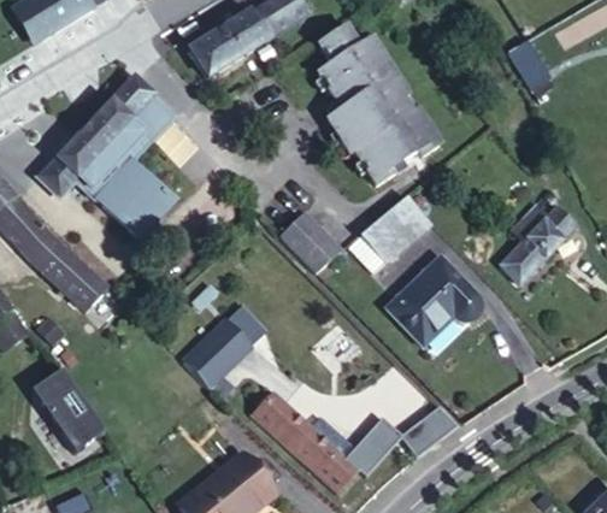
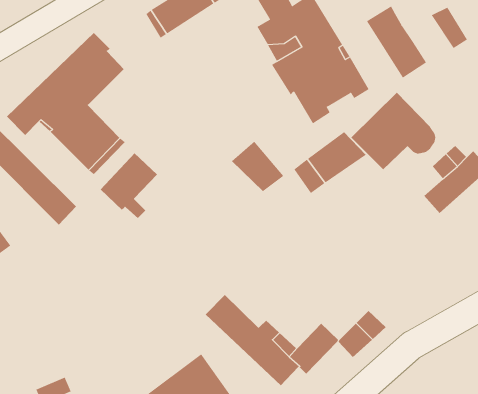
building: none -> [366,6,427,78]
building: [381,252,478,341] -> [350,92,436,170]
building: [183,313,249,389] -> [100,152,158,219]
building: [39,362,113,446] -> none

